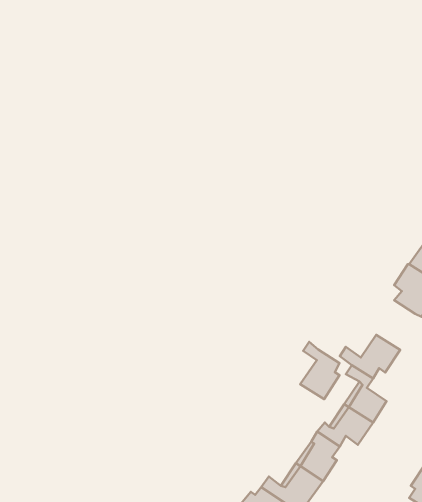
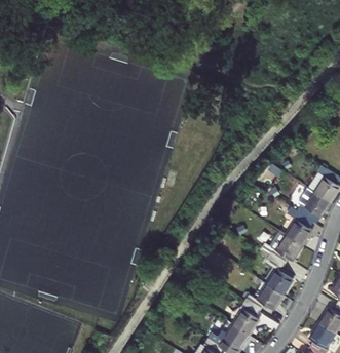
building: [300,342,339,399] -> [286,206,312,245]

